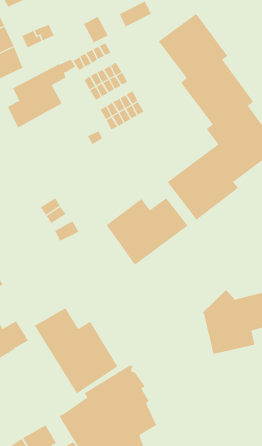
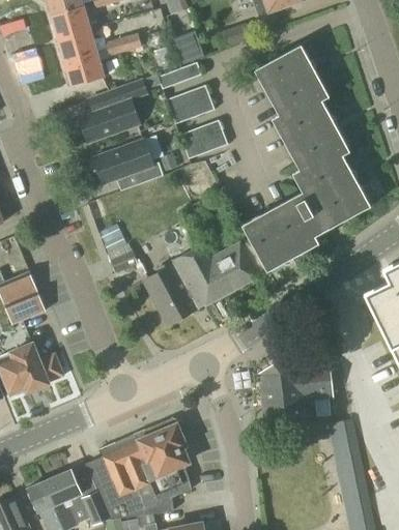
building: none -> [93,140,164,192]
building: none -> [147,263,193,326]
building: [34,308,118,394] -> none

